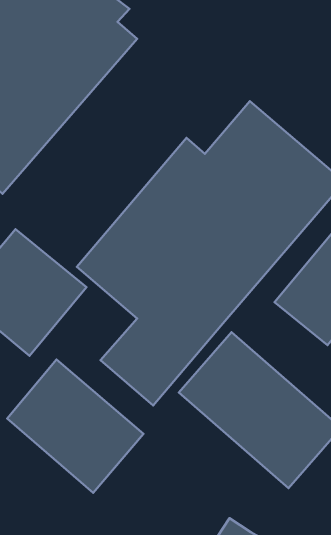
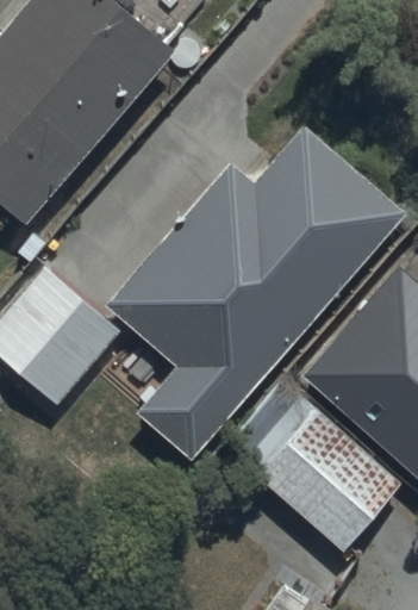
building: [7,360,144,493] -> none

